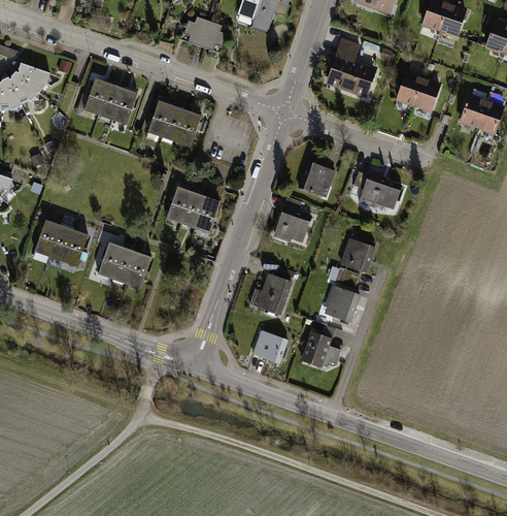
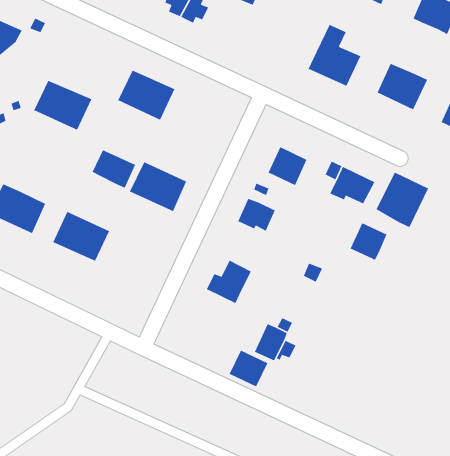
building: [83,77,139,124] -> [33,80,92,131]
building: none -> [376,171,429,228]
building: none -> [92,149,136,189]
building: [340,237,375,273] -> [350,222,388,261]
building: [325,286,360,322] -> none
building: [251,329,289,364] -> [229,349,268,387]

